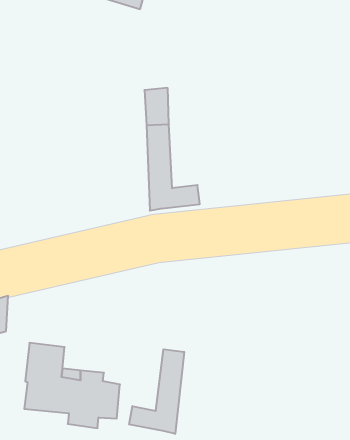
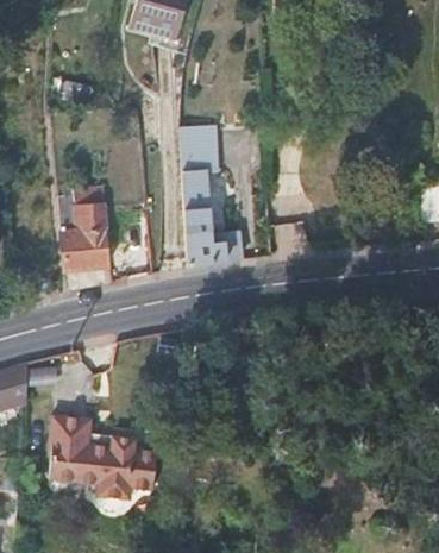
building: none -> [59,202,109,266]
building: [129,349,184,434] -> none

